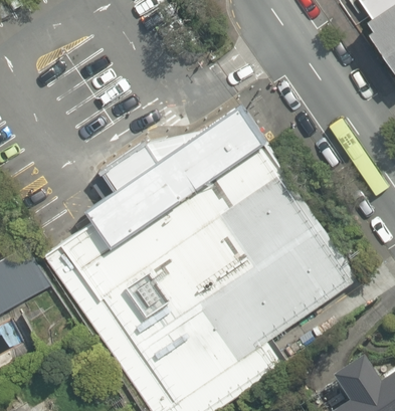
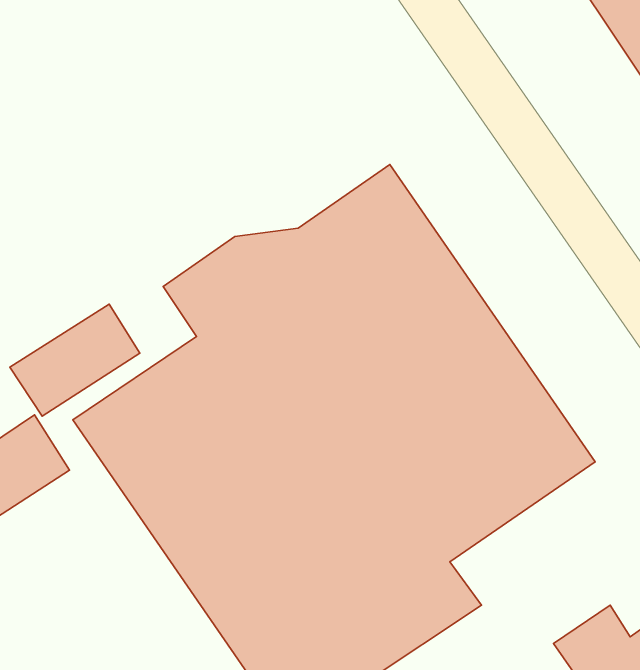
building: none -> [10,304,140,416]

